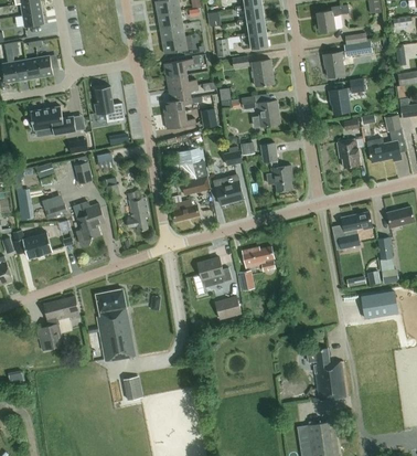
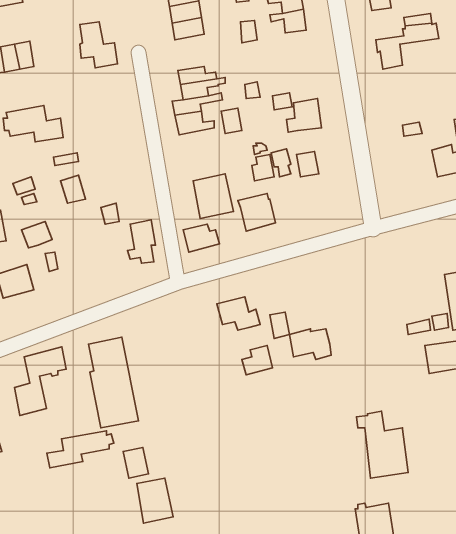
building: [163,55,200,78] -> none
building: [232,56,272,86] -> none
building: [328,79,364,114] -> none
building: [94,86,124,123] -> [80,22,117,68]
building: [336,139,360,168] -> none
building: [266,165,291,192] -> none
building: [76,203,103,246] -> none
building: [338,212,372,248] -> none
building: [242,246,275,271] -> [289,329,331,360]
building: none -> [47,431,114,468]
building: none -> [137,478,173,523]

